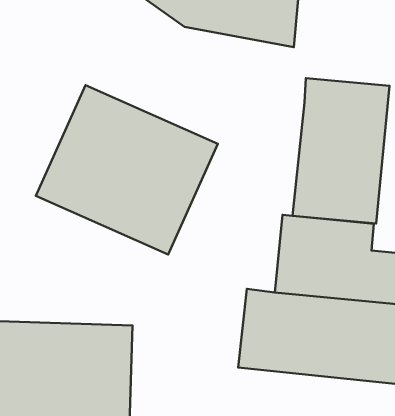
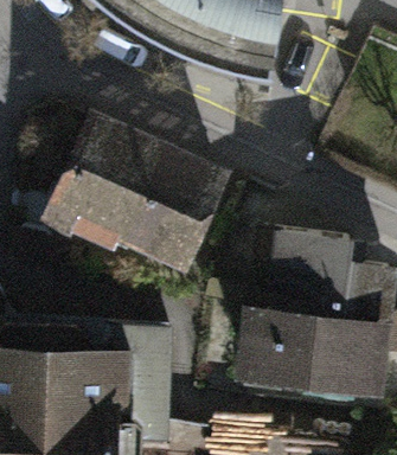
building: [293,78,389,223] -> none

